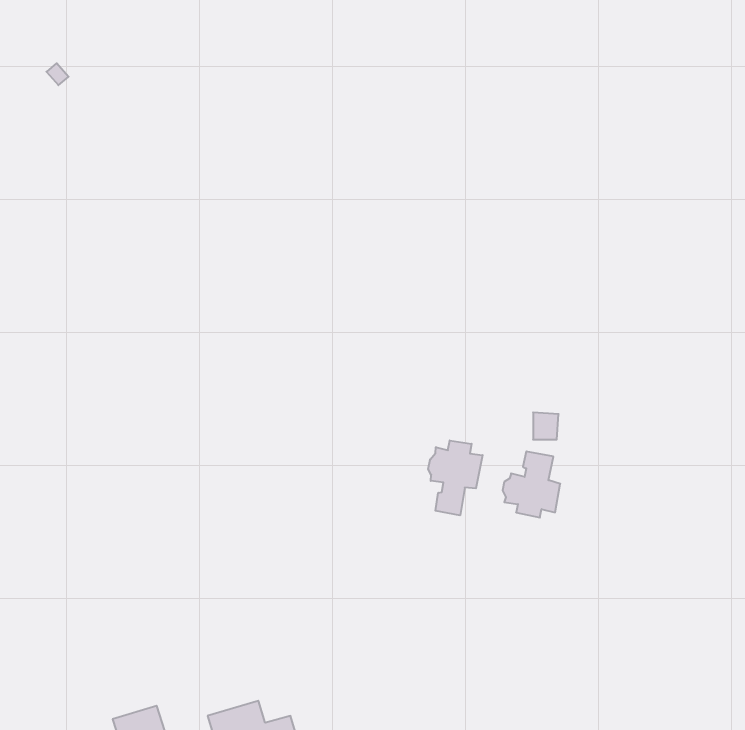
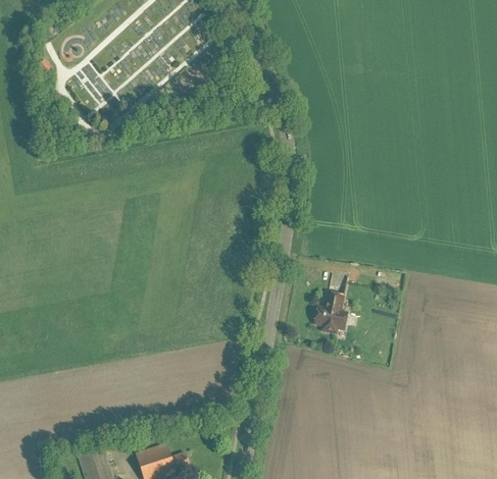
building: [428,440,483,515] -> none

